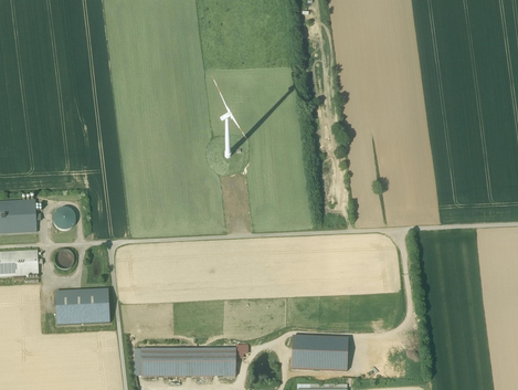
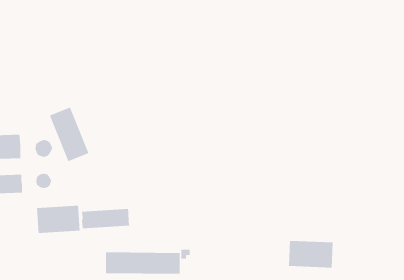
building: none -> [49,106,90,162]
building: none -> [81,208,130,229]
building: [290,335,347,370] -> [288,240,333,268]

